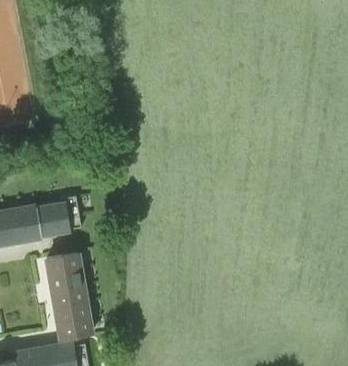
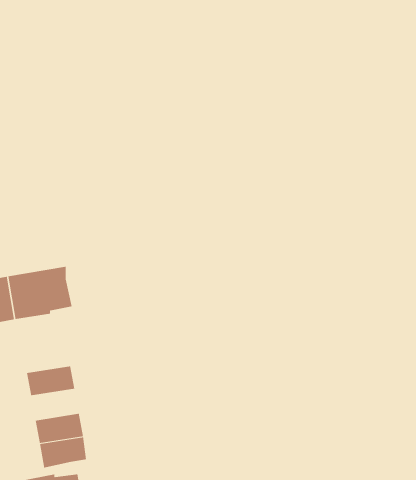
building: [44,252,78,274] -> none
building: [50,285,84,307] -> none

